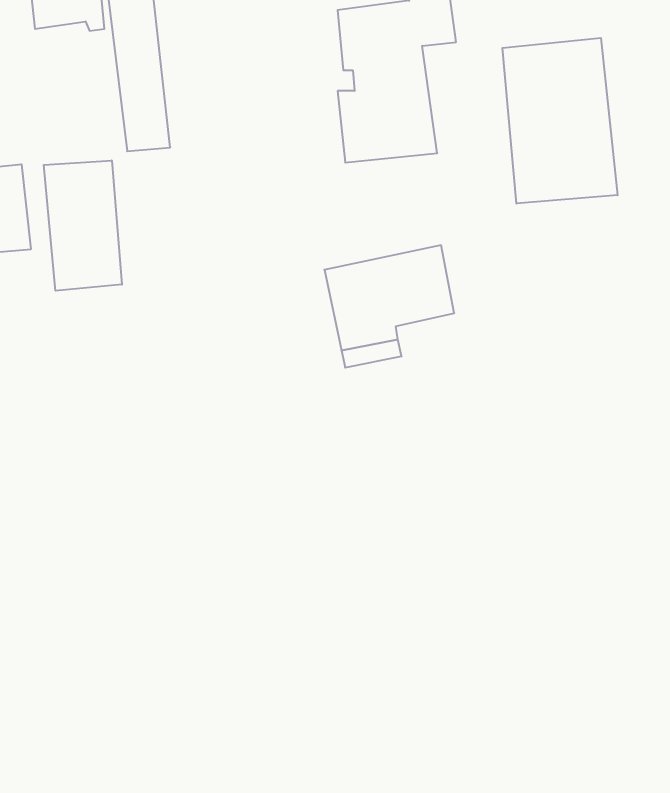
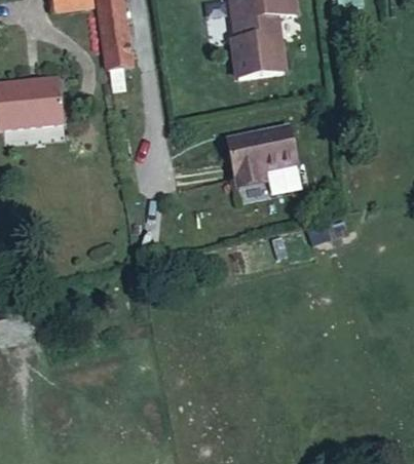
building: [502,38,618,204] -> none
building: [44,160,122,291] -> none

